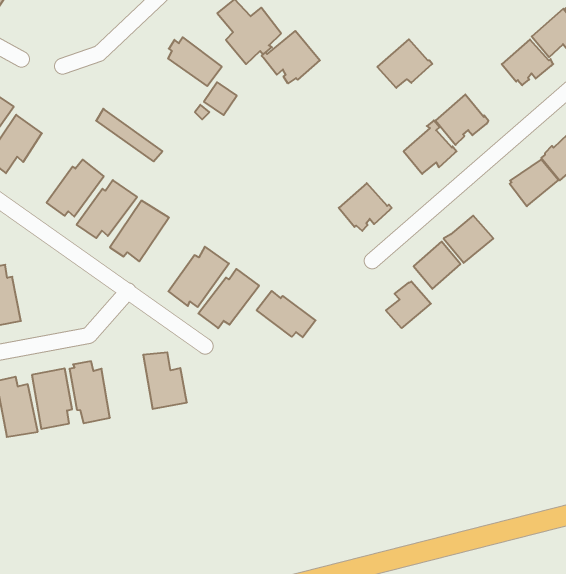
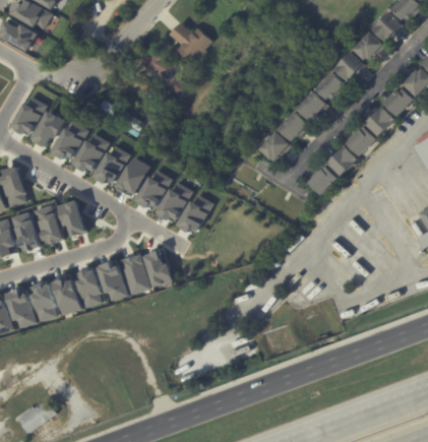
building: [262,31,320,83] -> none
building: [377,39,432,88] -> [332,51,367,82]
building: none -> [52,121,88,160]
building: none -> [276,111,310,142]
building: none -> [346,126,377,157]
building: none -> [135,171,171,207]
building: none -> [58,200,86,237]
building: [386,281,431,328] -> none
building: [257,291,316,337] -> none
building: none -> [120,254,149,294]

